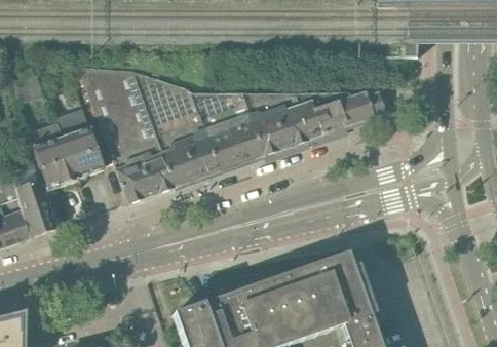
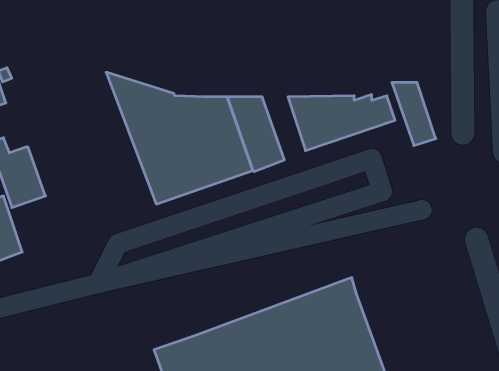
building: [81,67,177,204] -> none
building: [270,92,309,148] -> [392,83,436,146]
building: [55,110,105,178] -> none

